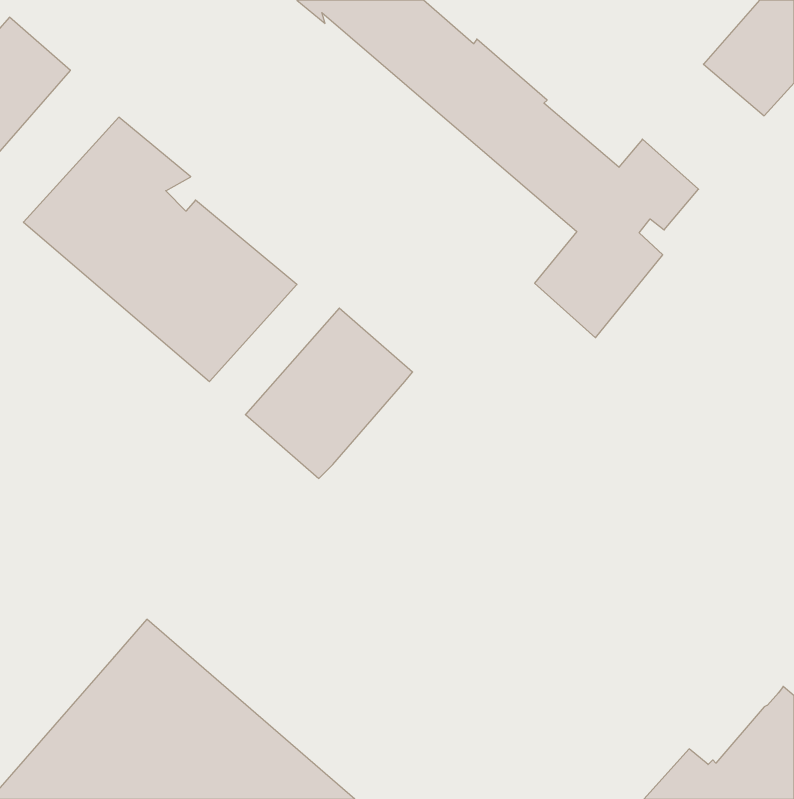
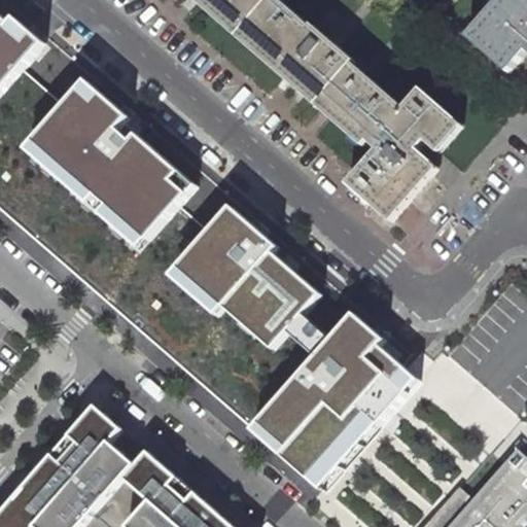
building: none -> [219,251,321,351]
building: none -> [244,312,418,493]

